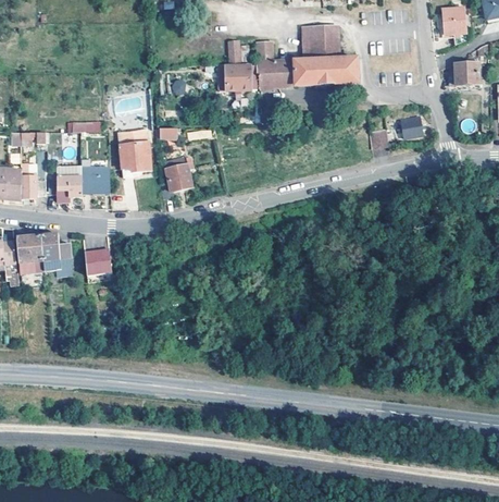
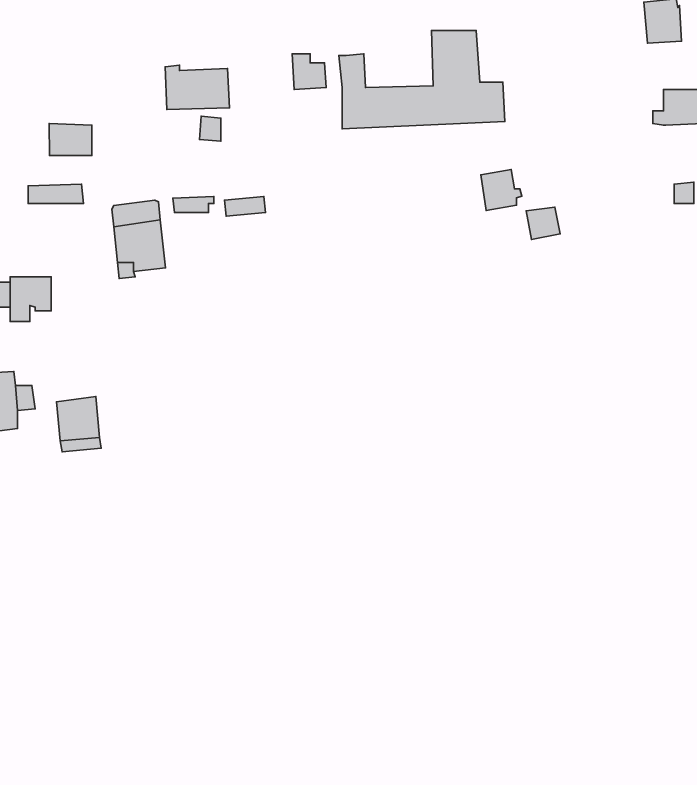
building: [217,63,257,90] -> [165,65,229,110]
building: none -> [49,124,92,155]
building: [400,112,425,137] -> [481,169,522,210]
building: [162,157,192,199] -> none
building: [82,168,111,193] -> none

